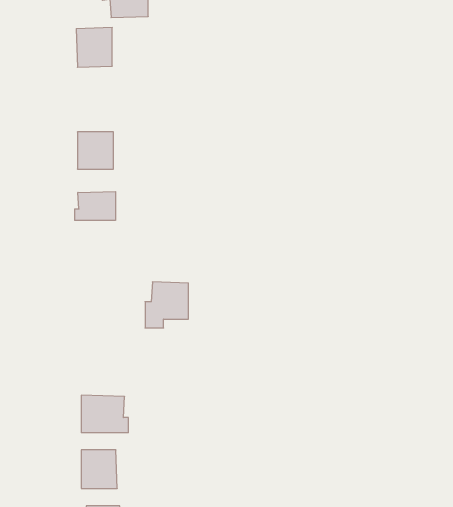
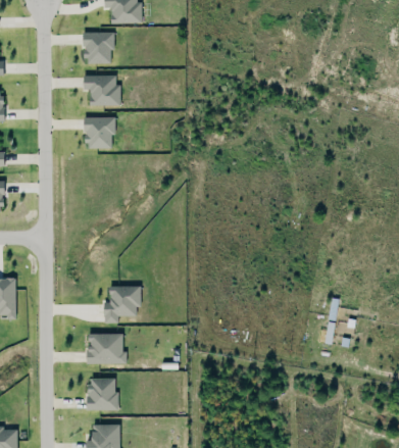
building: none -> [83,74,120,105]
building: [75,192,115,220] -> none
building: [145,282,188,328] -> [103,285,139,322]

